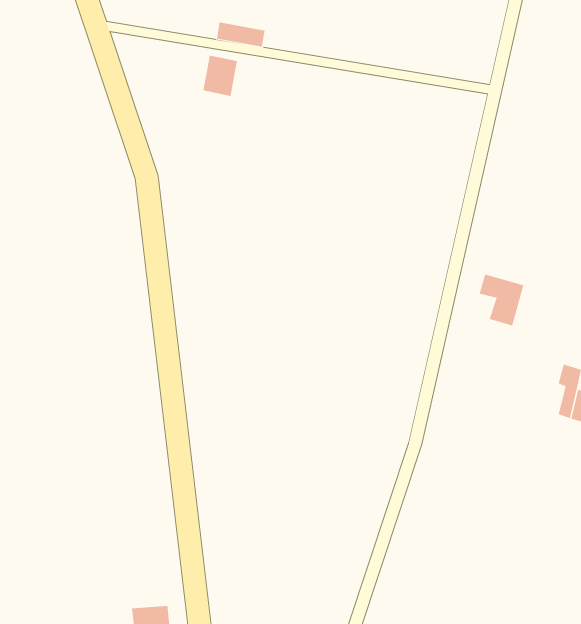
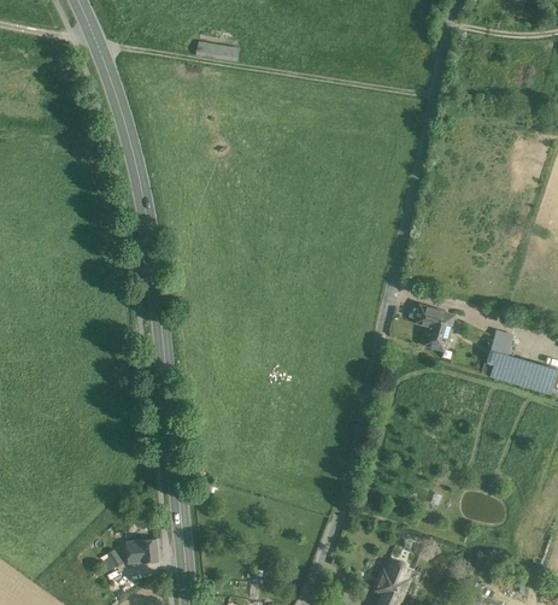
building: [203,55,237,97] -> none
building: [479,274,524,326] -> [412,305,451,350]

